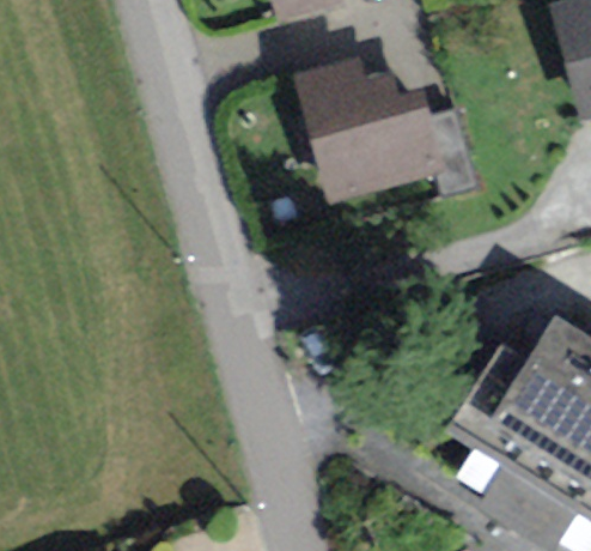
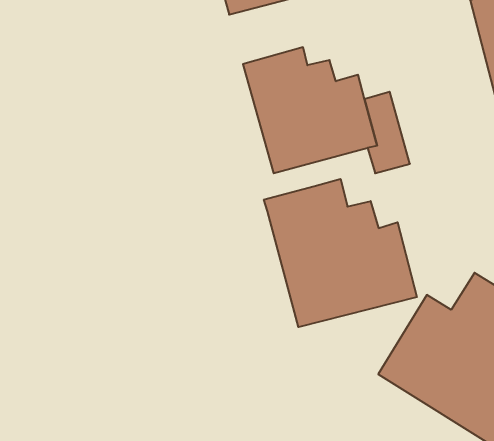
building: none -> [264,179,417,327]

